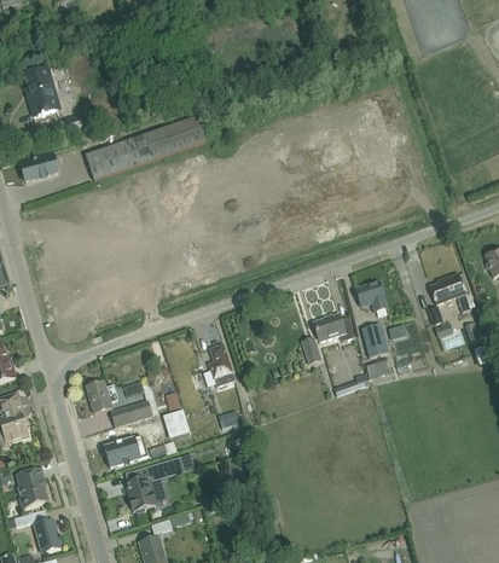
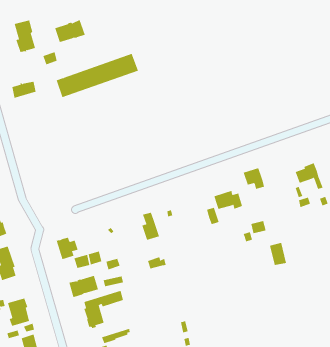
building: none -> [54,19,85,43]
building: [361,321,387,355] -> [269,242,287,266]

